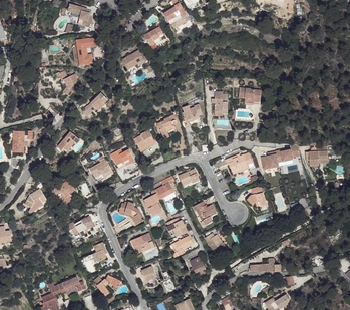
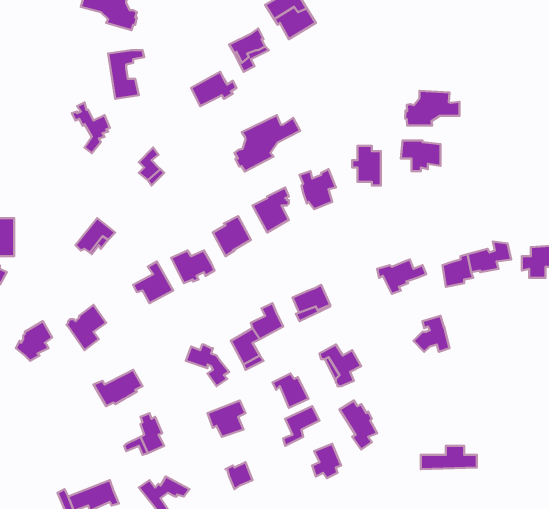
building: none -> [405,91,460,125]
building: none -> [234,115,300,172]

